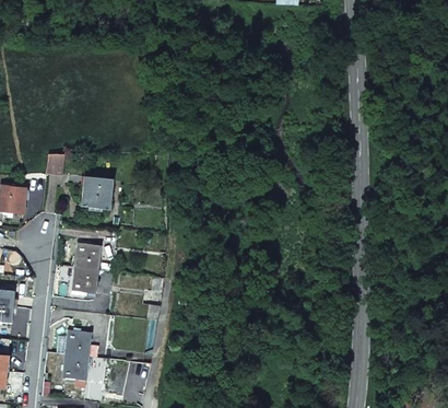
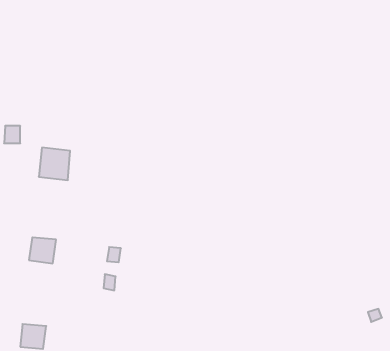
building: [74,243,101,269] -> none
building: [64,330,91,357] -> none

